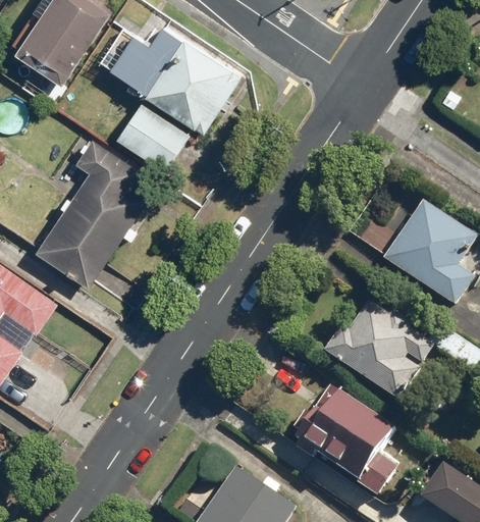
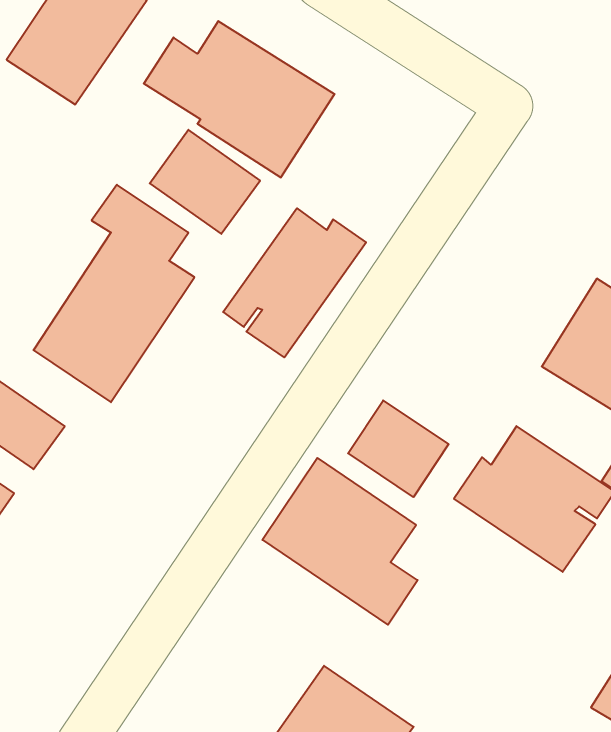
building: none -> [223,208,366,357]
building: none -> [348,400,449,497]
building: [290,383,396,498] -> [262,458,418,625]

